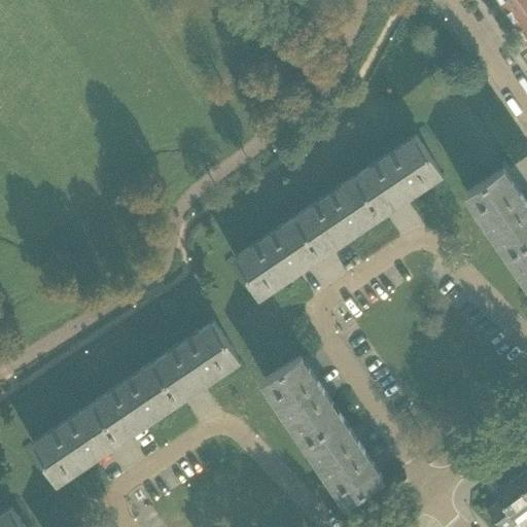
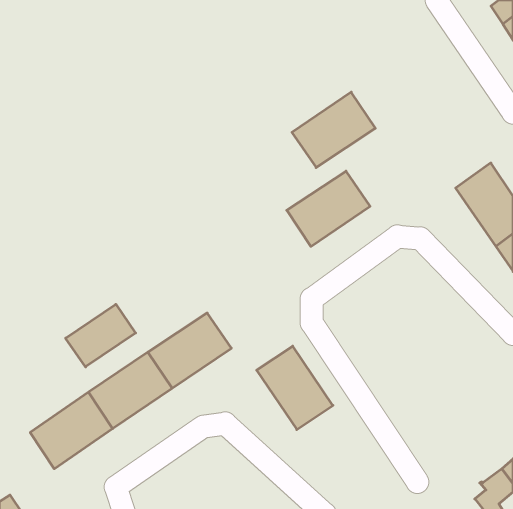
building: [354,139,440,216] -> [292,92,375,168]
building: [233,220,318,297] -> none
building: none -> [66,304,136,367]
building: [304,420,382,505] -> none

